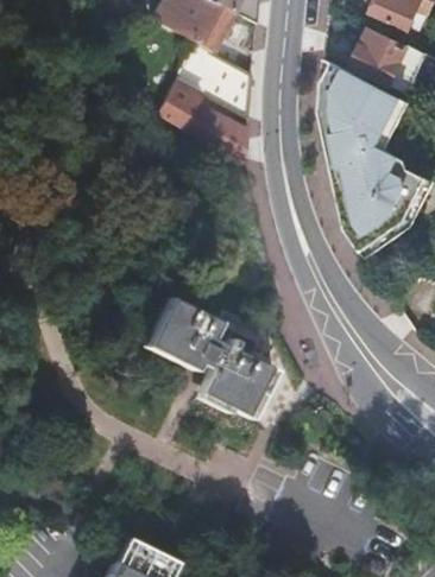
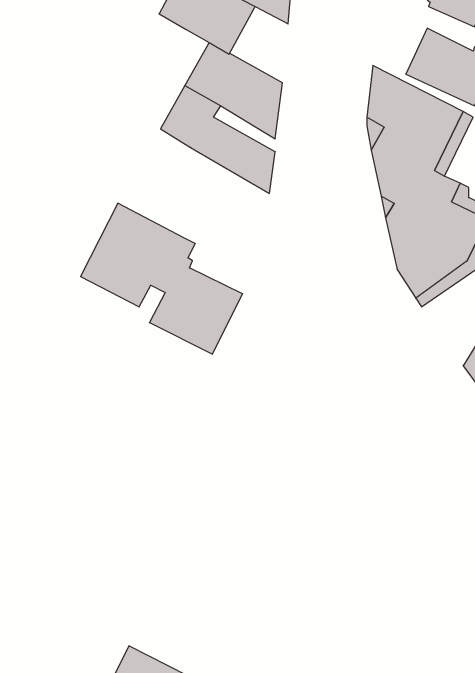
building: [135,296,270,420] -> [81,203,243,354]

